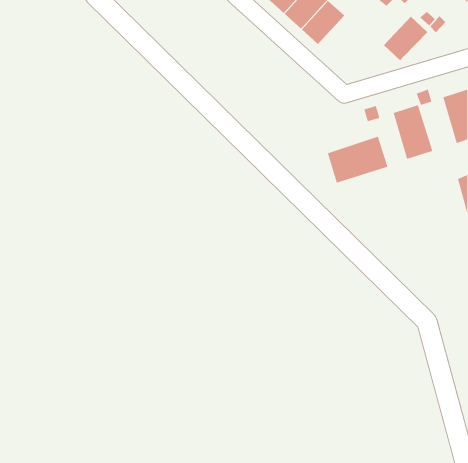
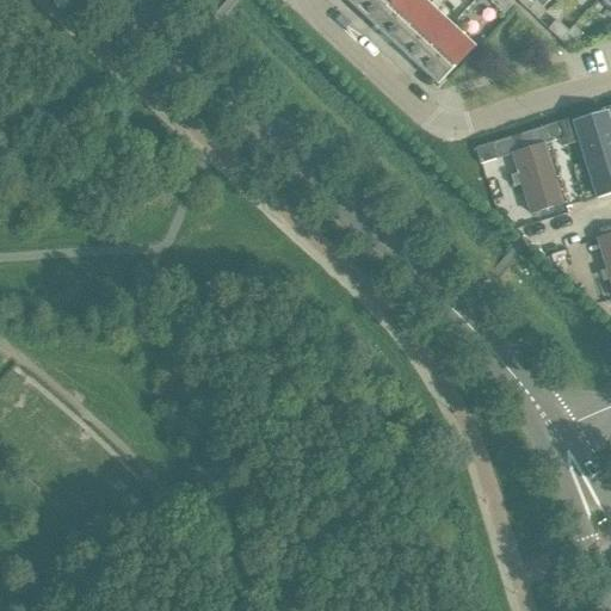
building: [383,16,428,62] -> [414,20,473,80]
building: [327,136,388,183] -> none

